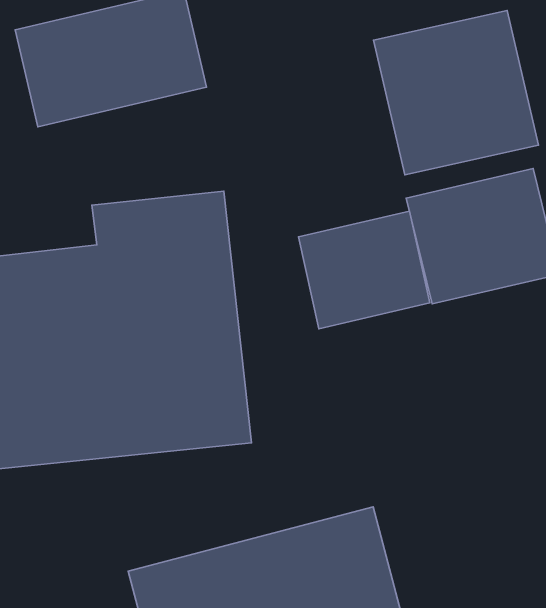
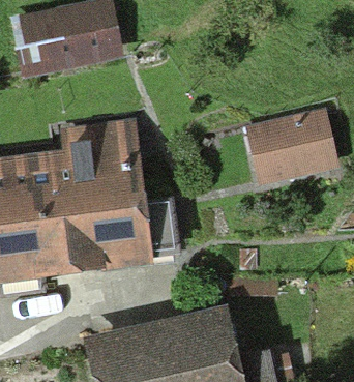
building: [373,11,539,175] -> none
building: [299,211,430,329] -> none

